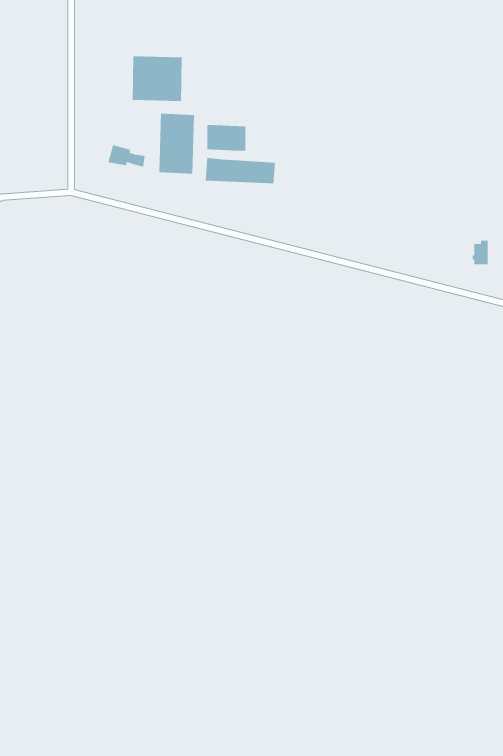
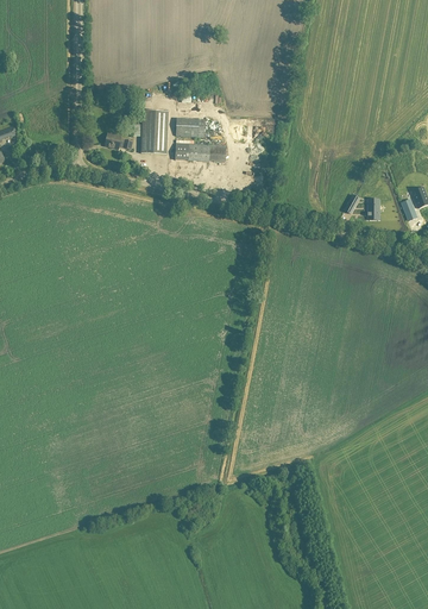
building: [132,56,182,102] -> none

